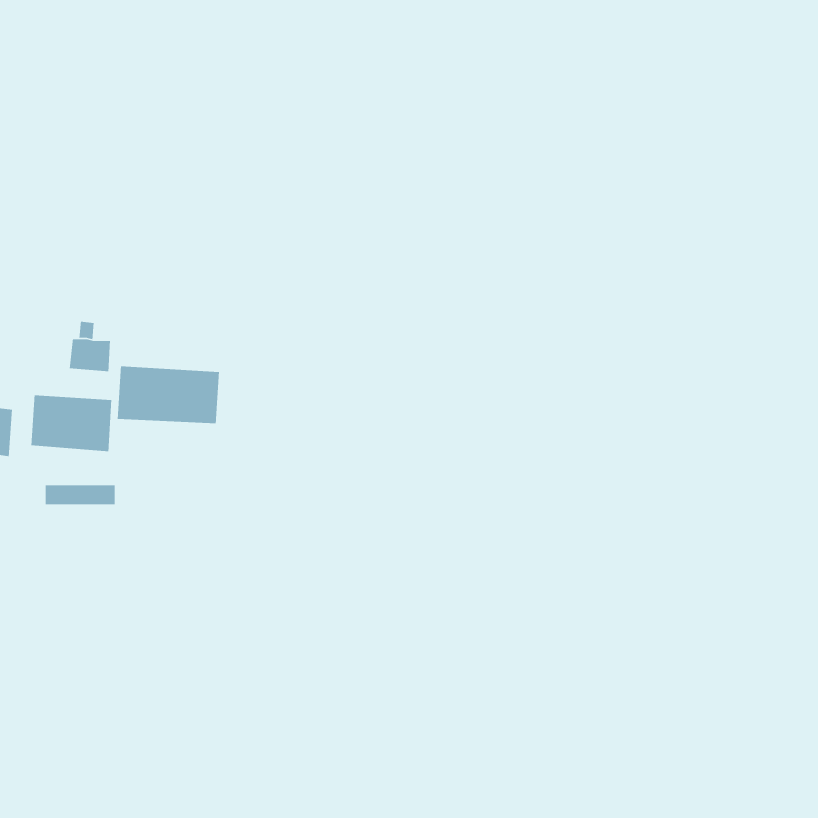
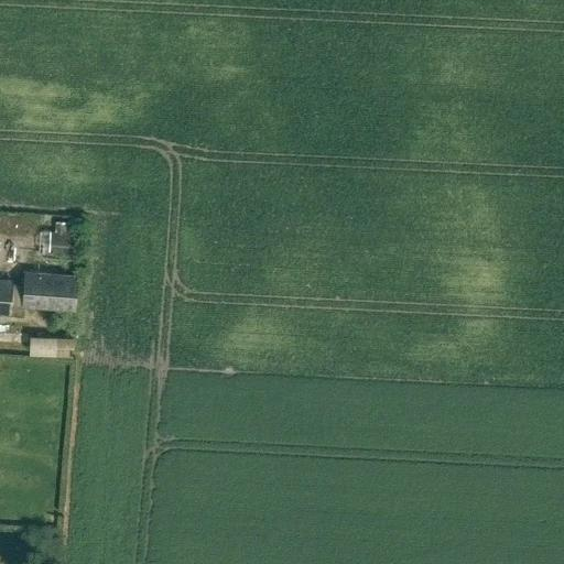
building: [117,366,220,424] -> none

